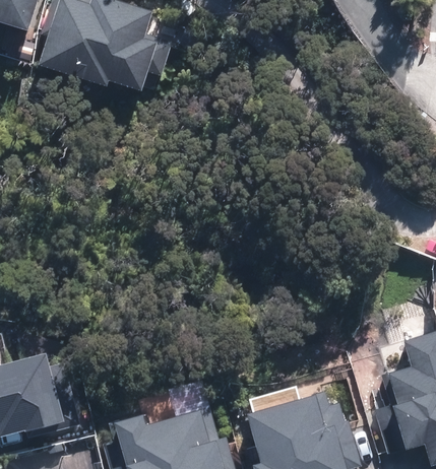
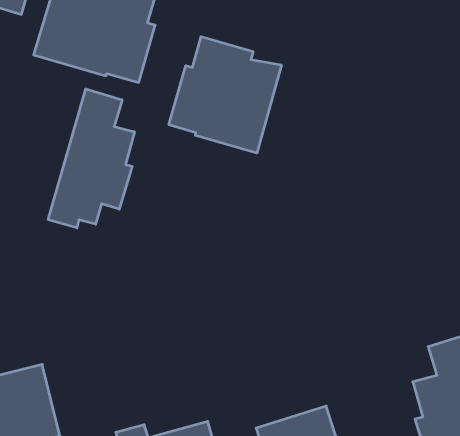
building: none -> [169,37,281,153]
building: none -> [48,89,134,228]

